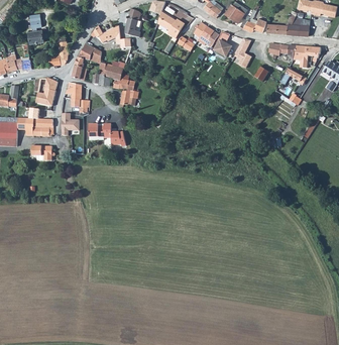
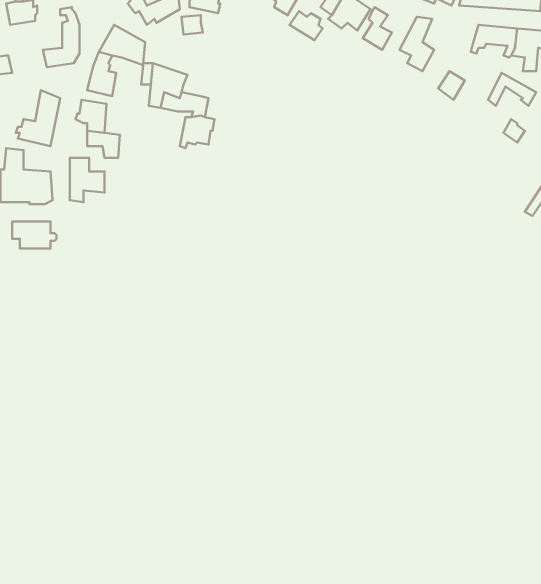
building: [89,123,125,146] -> none

